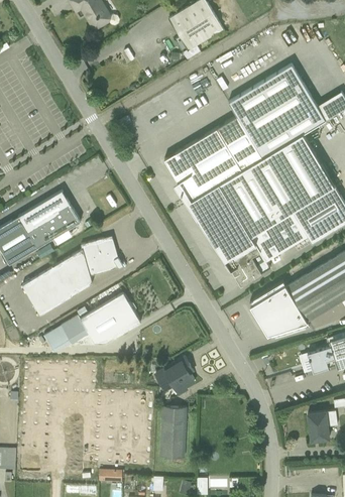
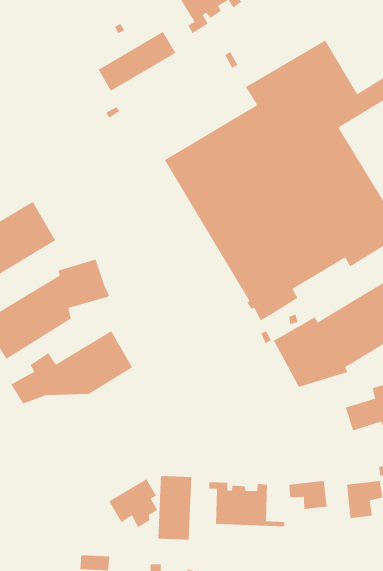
building: none -> [97,31,176,92]
building: [154,358,194,397] -> [108,478,158,528]
building: none -> [288,480,328,510]
building: none -> [208,481,285,527]

